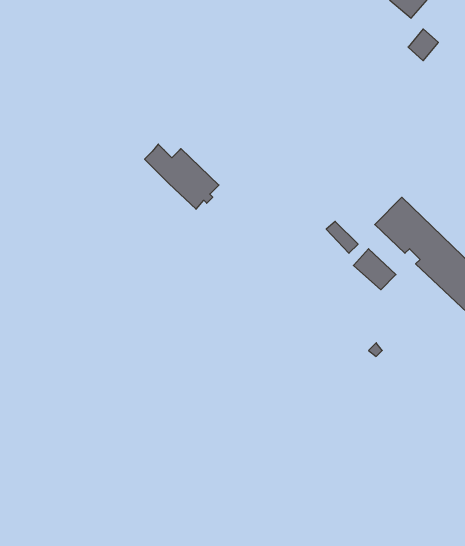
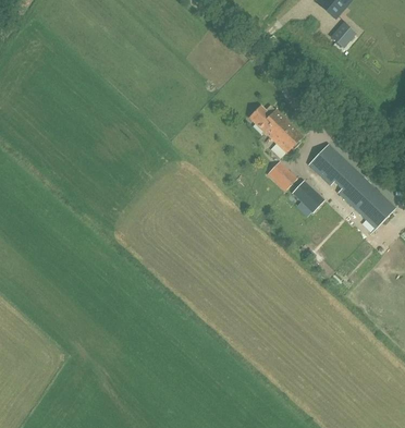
building: [145,144,219,209] -> [250,105,304,151]

